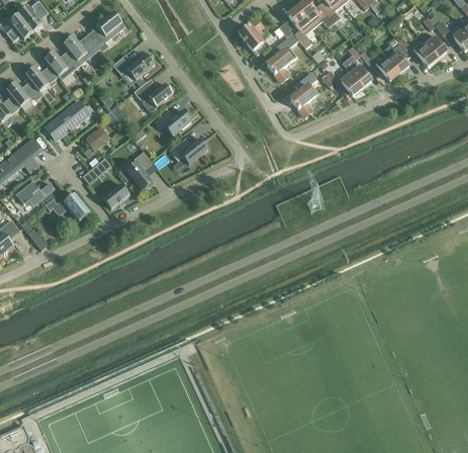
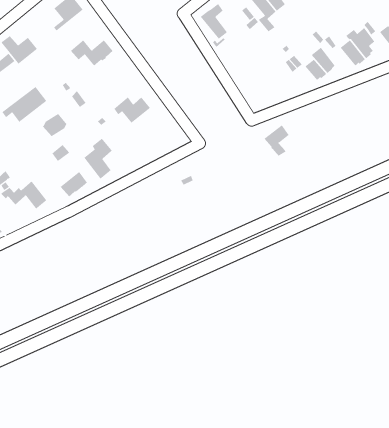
building: [64,35,100,64] -> none
building: [267,47,297,82] -> none
building: [133,82,173,112] -> none
building: [290,85,315,116] -> [264,124,290,157]
building: [169,138,209,164] -> none

